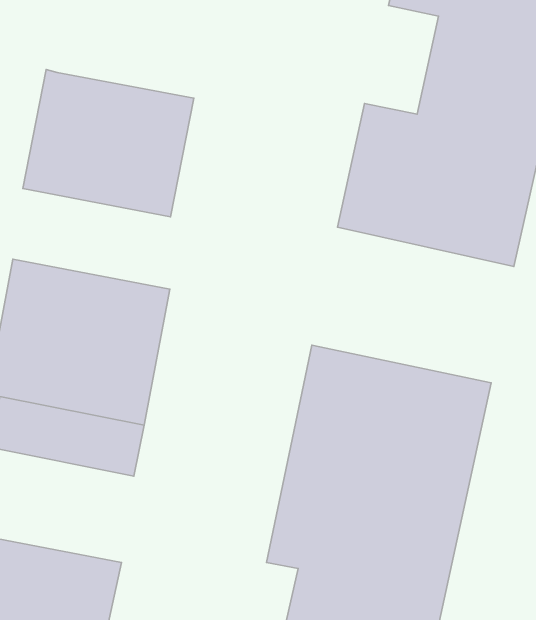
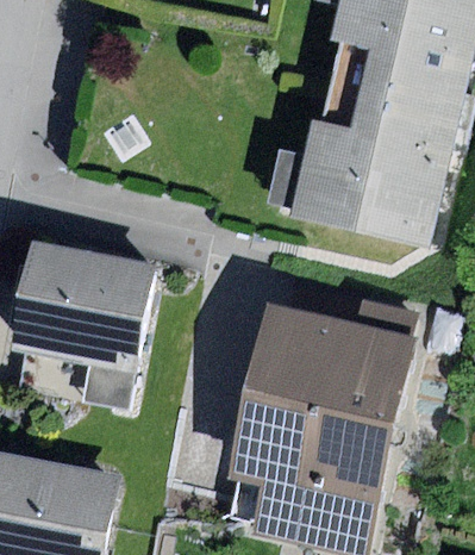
building: [23,70,194,217] -> none

